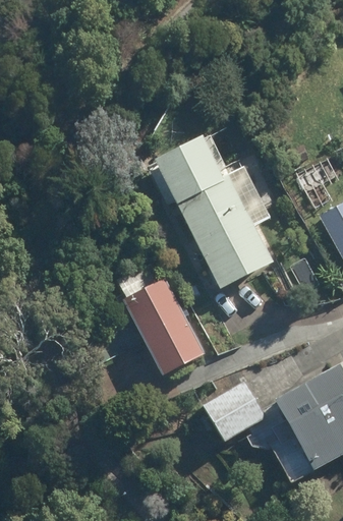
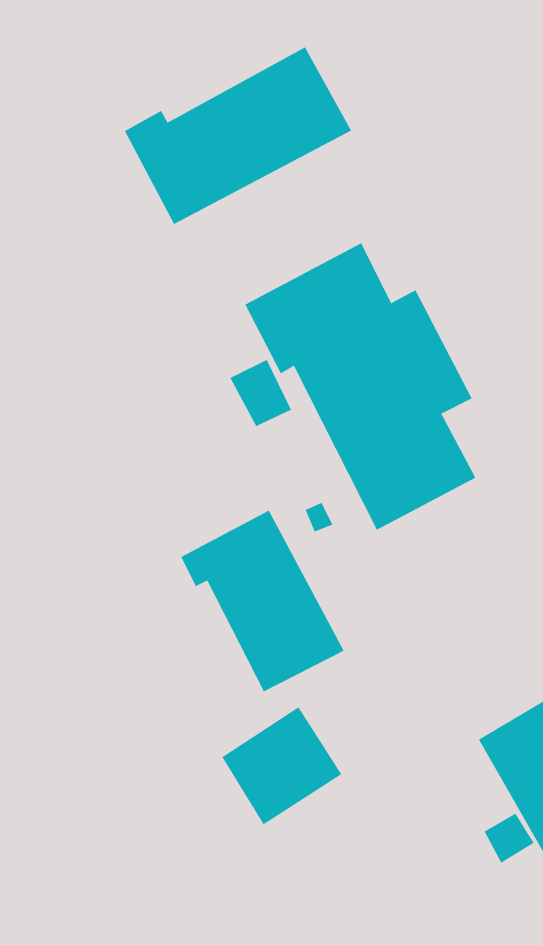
building: none -> [124,46,352,225]
building: [203,379,268,443] -> [222,706,342,825]

